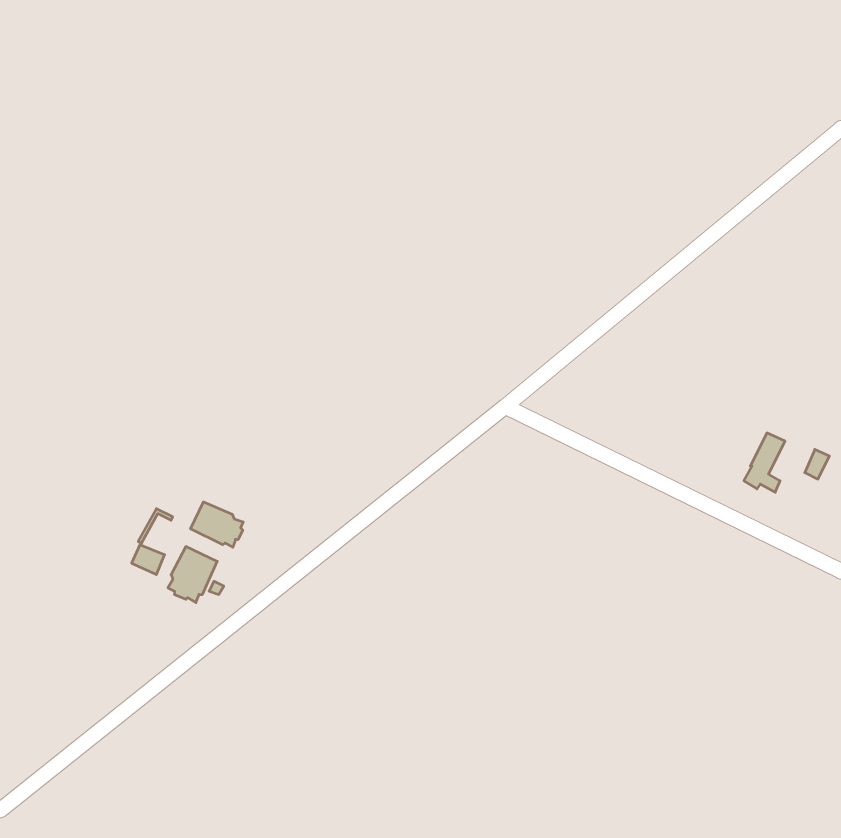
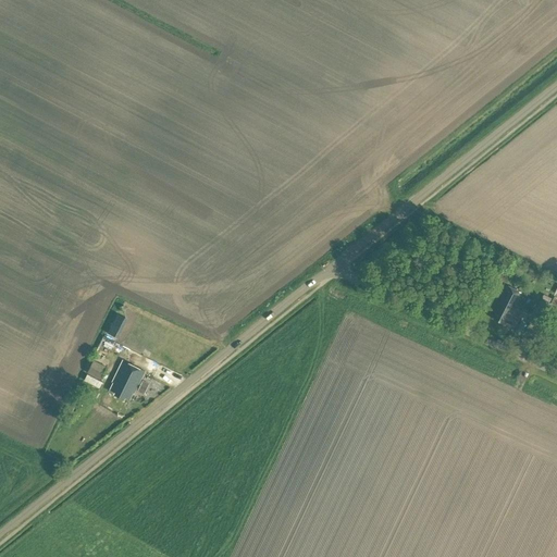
building: [191,502,243,547] -> none

